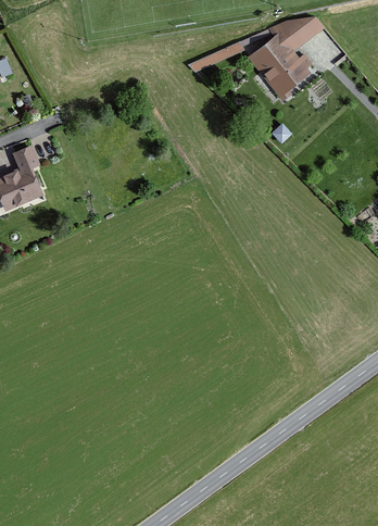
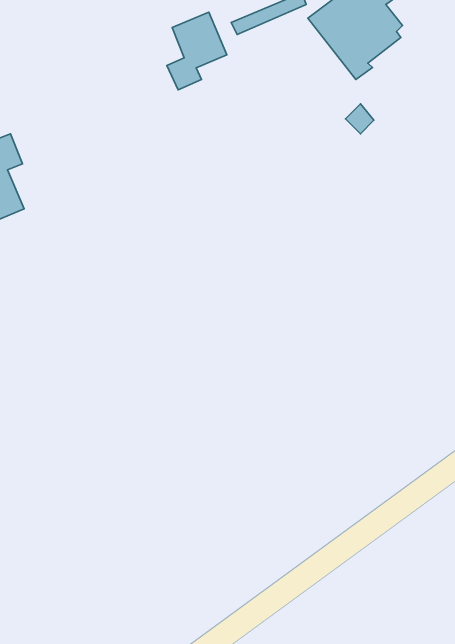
building: none -> [167,12,227,90]

